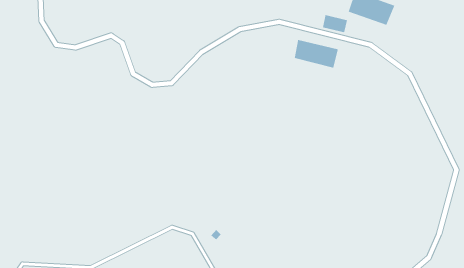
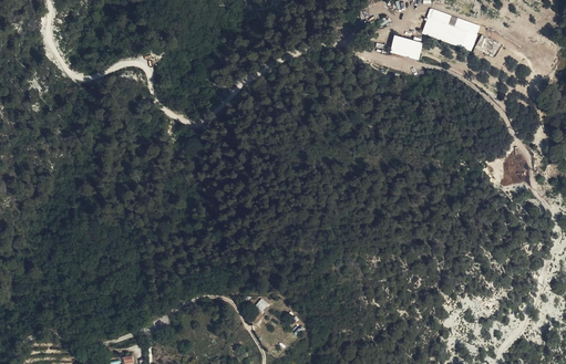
building: [294,39,338,68] -> none

